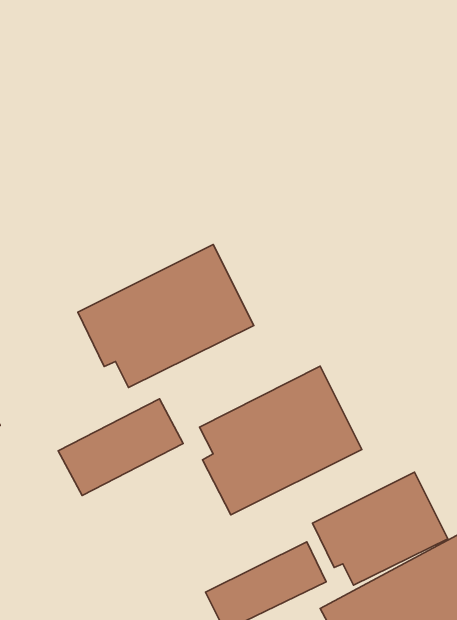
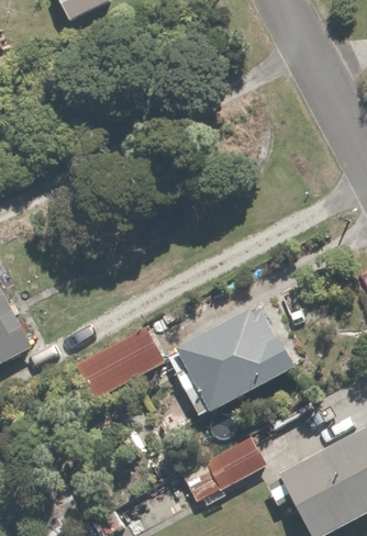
building: [78,245,254,388] -> none
building: [313,472,448,585] -> none

